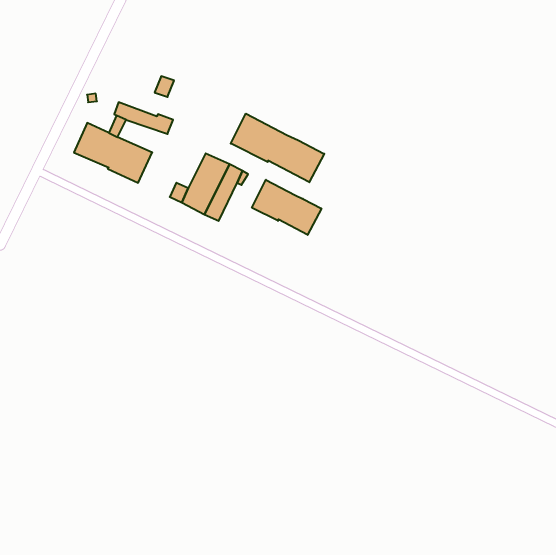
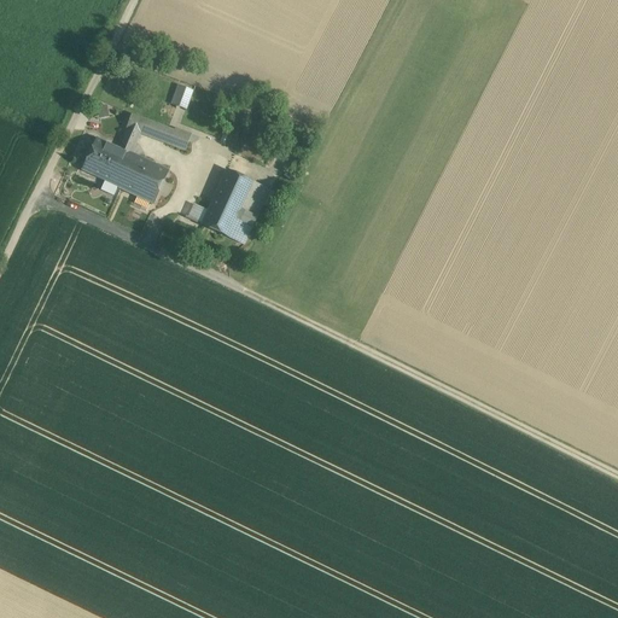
building: [231,114,324,182] -> none
building: [252,180,321,235] -> none

